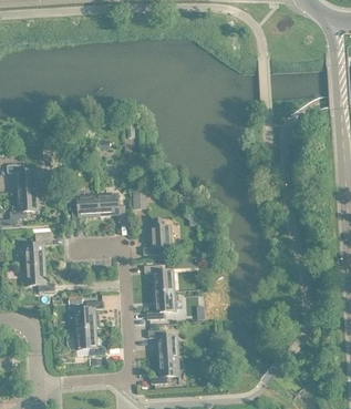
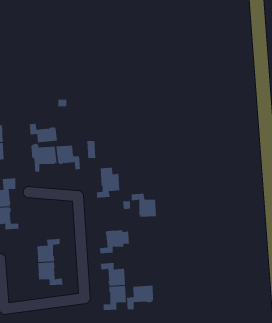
building: none -> [29,123,57,143]
building: [144,264,174,292] -> [131,193,157,217]
building: none -> [127,285,153,310]

